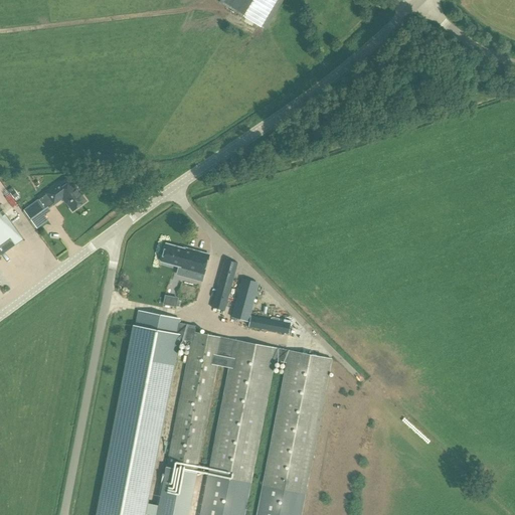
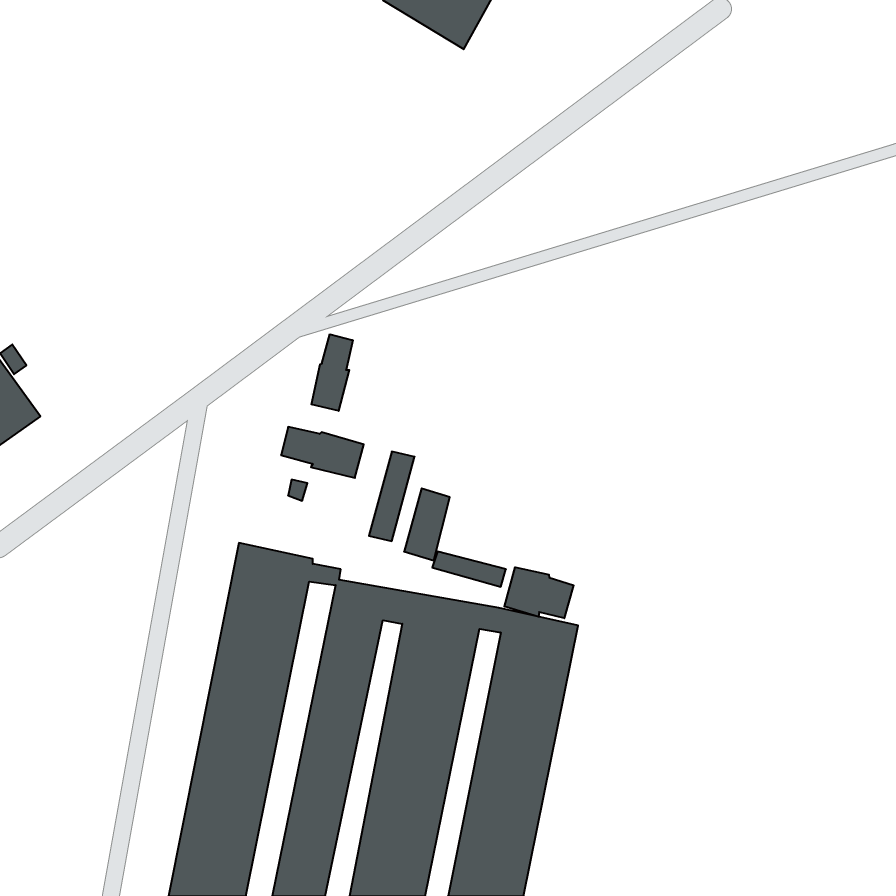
building: [24,178,85,228] -> none
building: none -> [311,334,353,411]
building: none -> [504,567,574,618]

